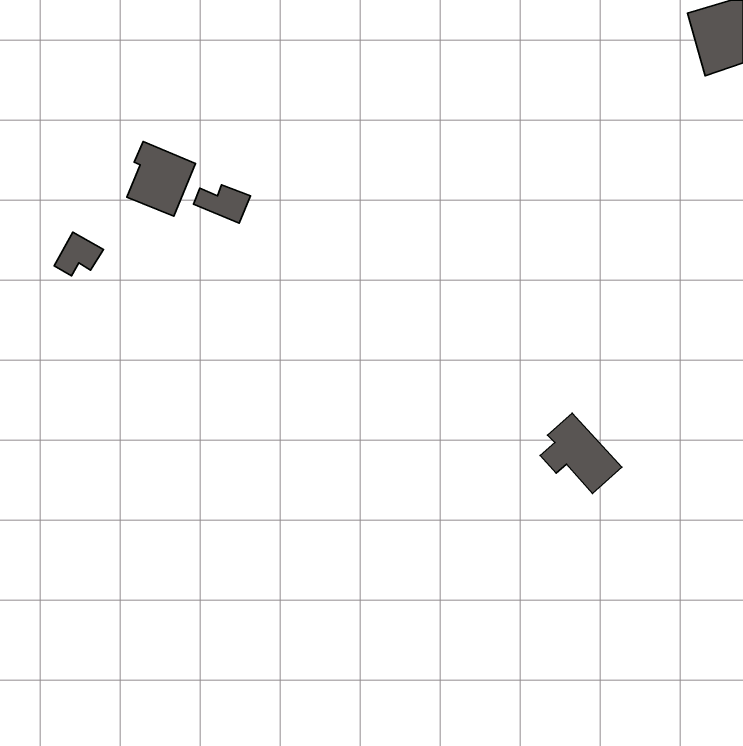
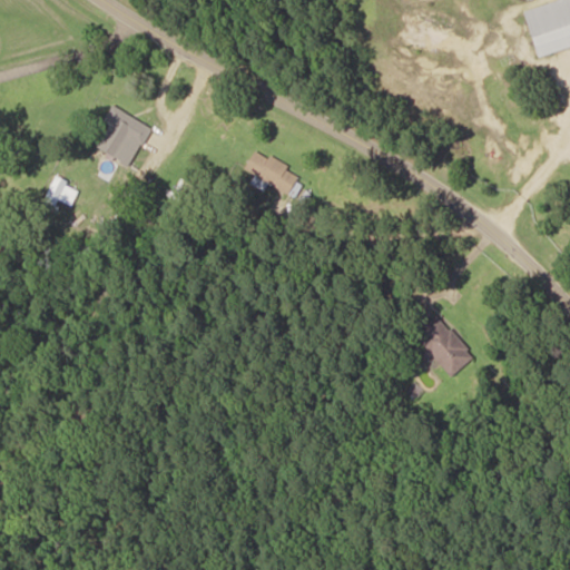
building: [193,185,251,223] -> none
building: none -> [244,149,299,194]

